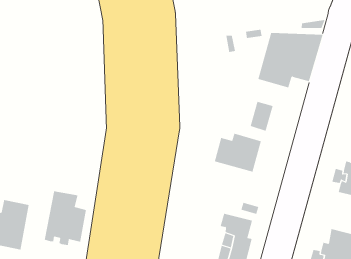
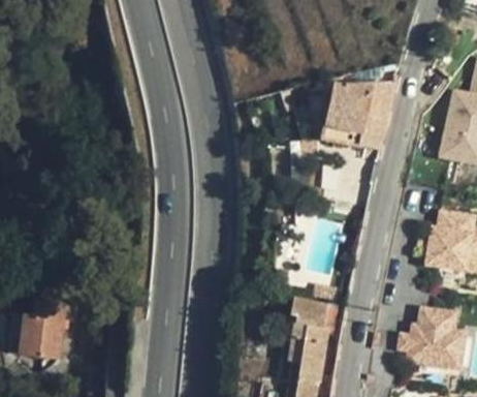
building: [214,133,261,172] -> none
building: [44,190,86,246] -> none

